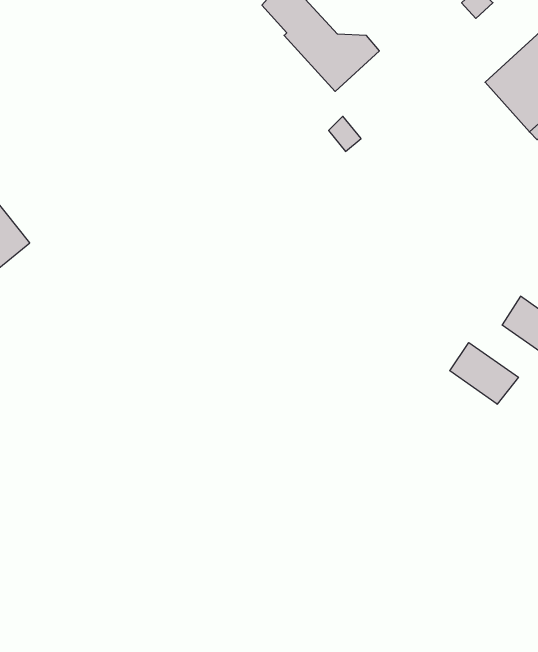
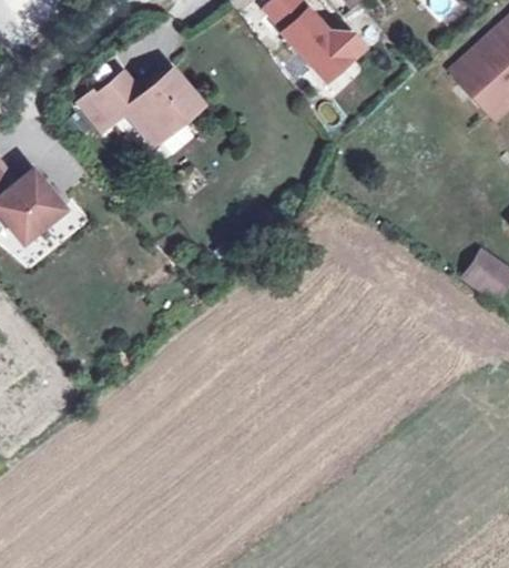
building: none -> [80,70,201,144]
building: [450,343,518,404] -> none

